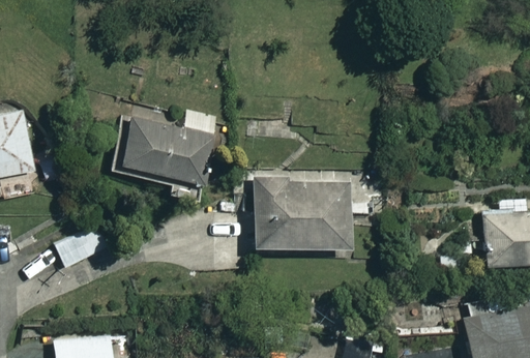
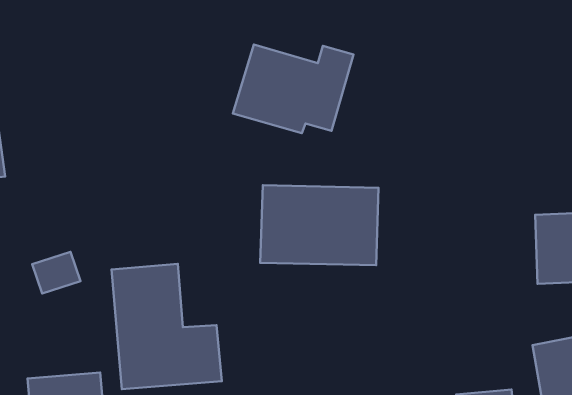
building: [115,114,216,188] -> [233,45,354,133]
building: none -> [111,264,222,389]

